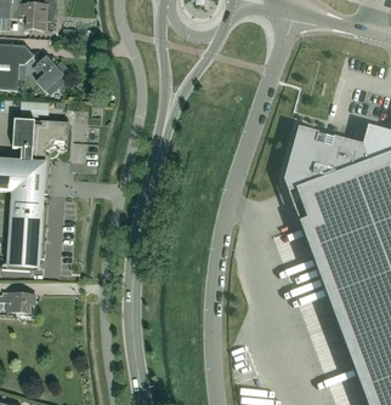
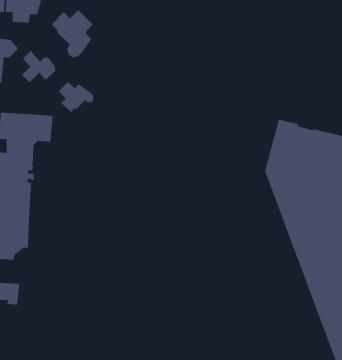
building: none -> [51,9,94,58]
building: none -> [58,81,95,113]

